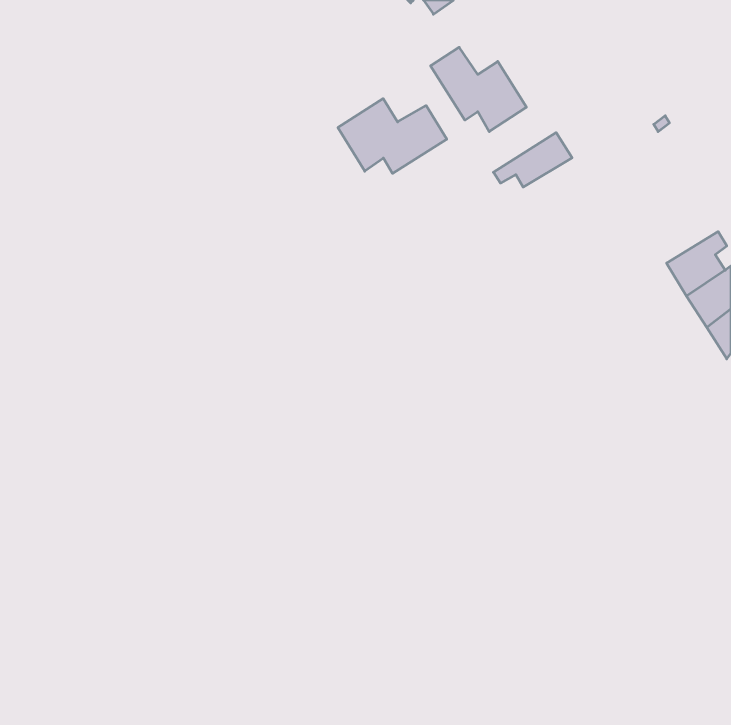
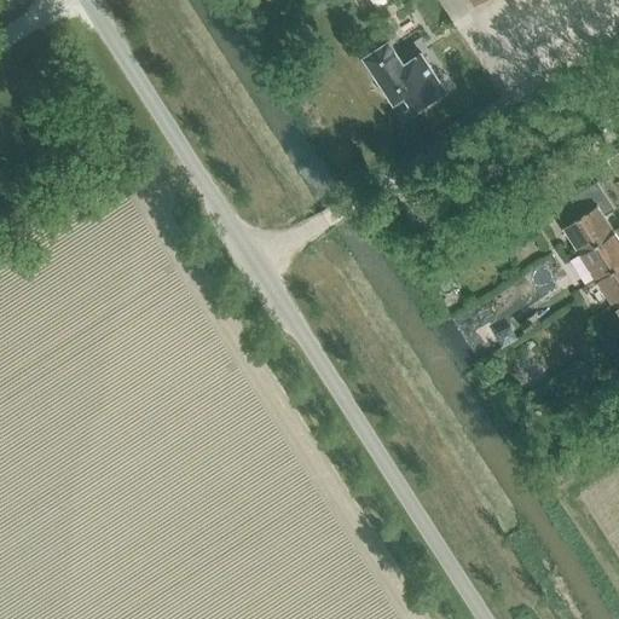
building: [338,99,447,173] -> none
building: [493,133,572,187] -> none

